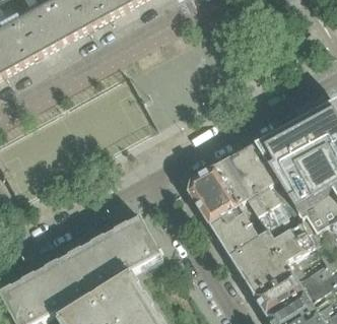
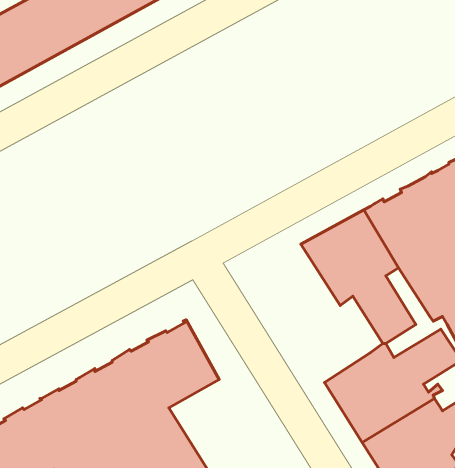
building: [187,166,258,255] -> none

